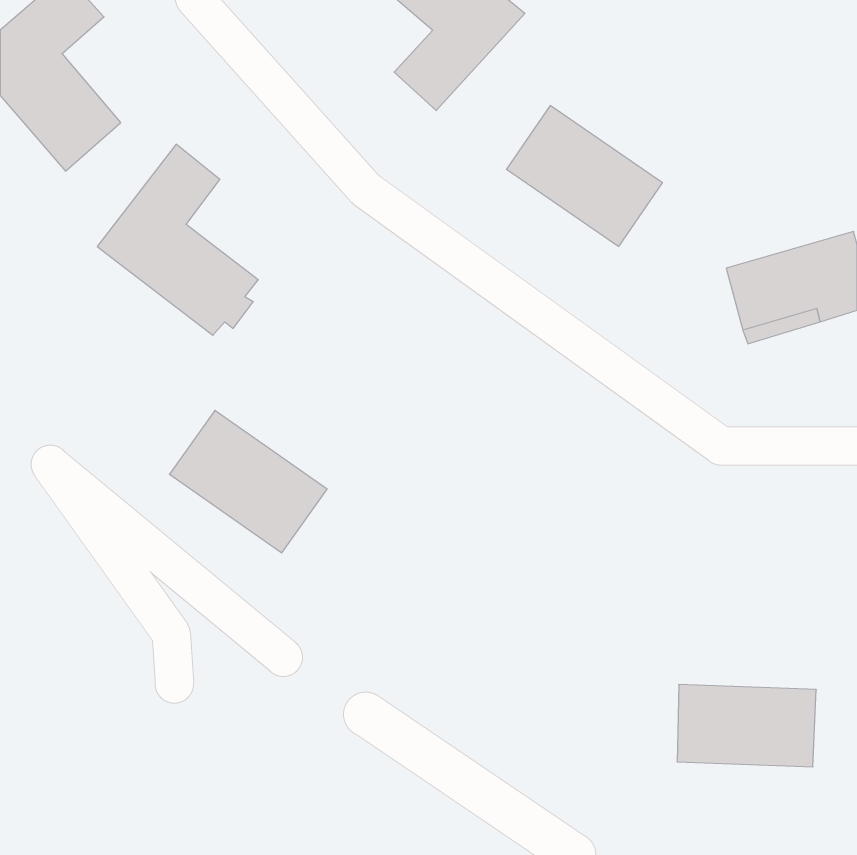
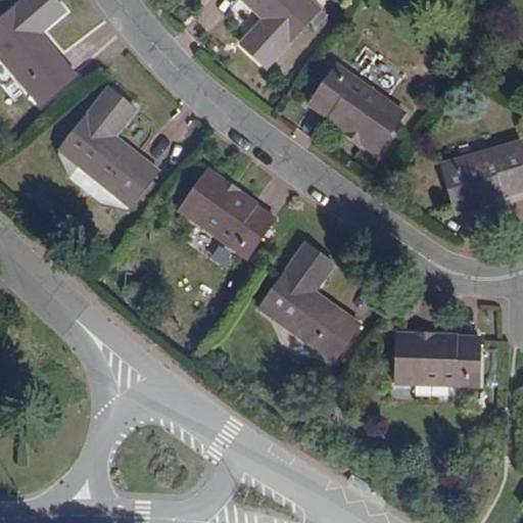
building: none -> [259,244,358,359]
building: [169,410,327,553] -> [179,171,275,257]
building: [677,685,816,767] -> [395,335,480,385]

